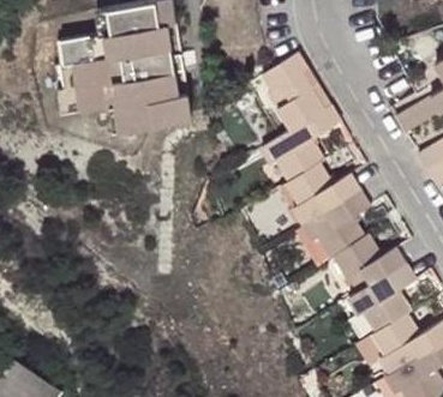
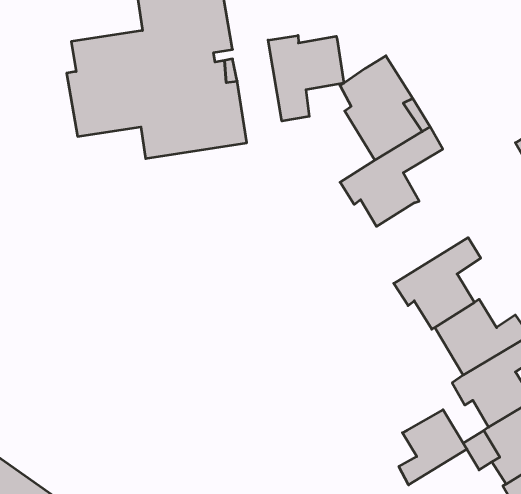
building: none -> [268,35,344,121]
building: [287,163,360,224] -> none
building: none -> [399,410,467,485]

